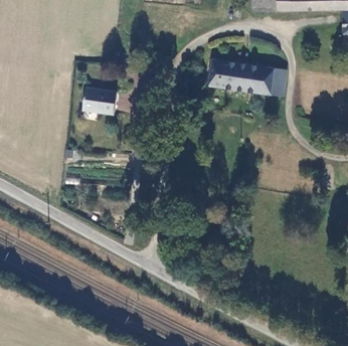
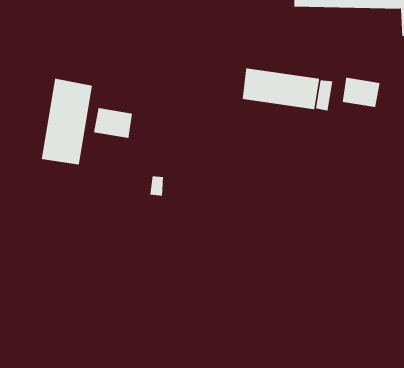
building: none -> [342,77,380,108]
building: none -> [41,78,92,166]

